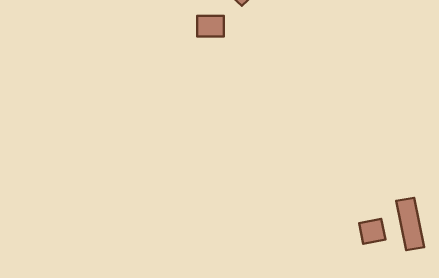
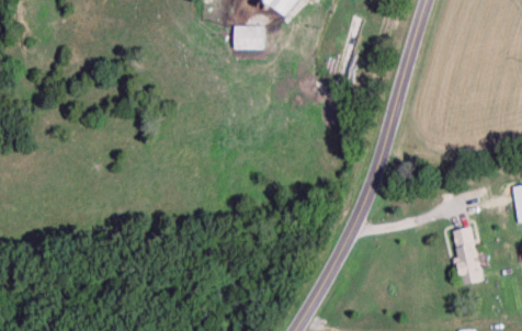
building: [359,219,385,244] -> none

